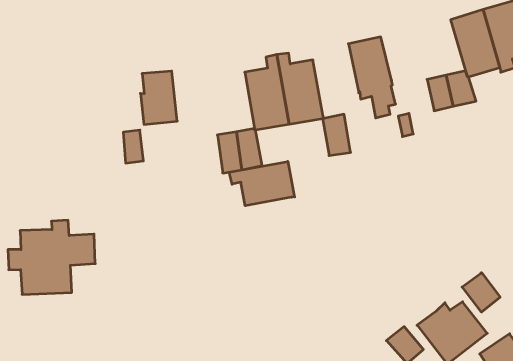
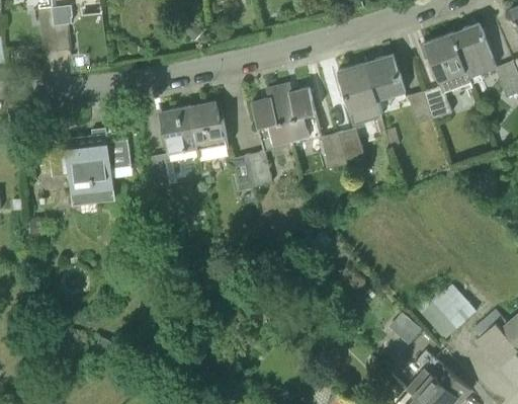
building: none -> [365,54,405,99]
building: none -> [188,100,228,149]
building: none -> [339,128,364,164]
building: [229,161,295,206] -> none
building: [8,220,95,294] -> [56,128,132,194]
building: [462,273,500,312] -> none

